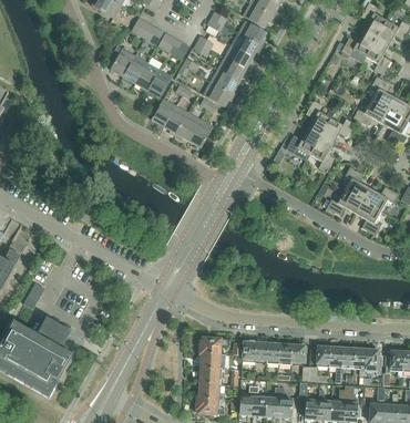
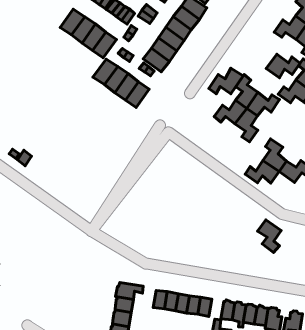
building: none -> [266,54,300,78]
building: none -> [209,68,243,94]
building: [355,200,380,235] -> [257,220,281,252]

